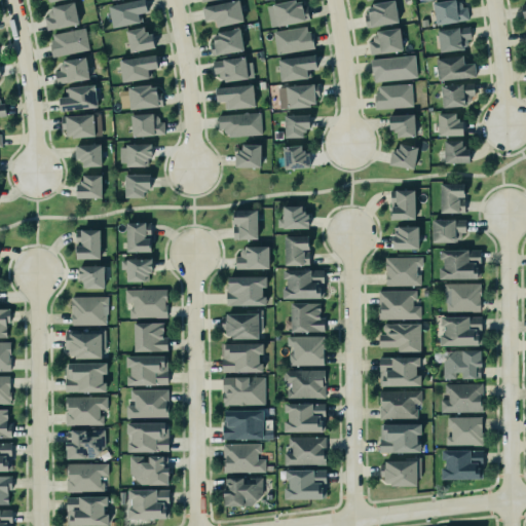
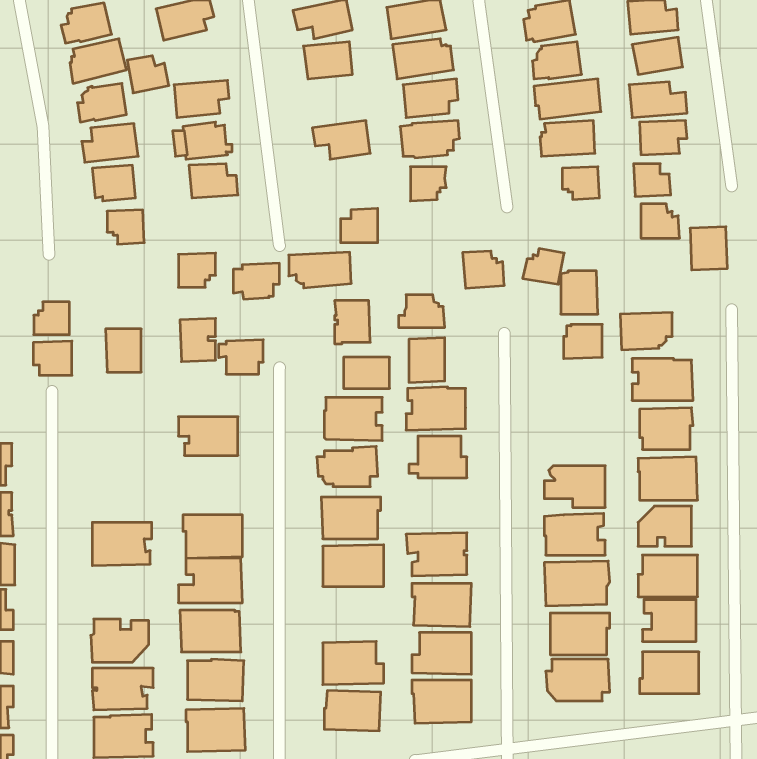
building: [128,28,157,53] -> [127,56,169,93]
building: [215,59,256,82] -> none
building: [219,113,262,138] -> [289,252,351,288]
building: [120,144,152,168] -> [233,263,279,299]
building: [283,146,311,172] -> [463,251,504,288]
building: [389,146,418,171] -> [523,249,564,284]
building: [77,177,102,199] -> [34,302,69,335]
building: [442,184,467,214] -> [690,227,727,270]
building: [121,257,152,280] -> [219,340,263,374]
building: [384,257,421,285] -> none
building: [78,263,105,287] -> [33,341,72,375]
building: [378,289,422,321] -> none
building: [71,296,107,325] -> none
building: [136,324,170,352] -> none
building: [68,332,107,359] -> none
building: [287,335,325,365] -> none
building: [64,396,107,426] -> none
building: [225,411,265,441] -> none

